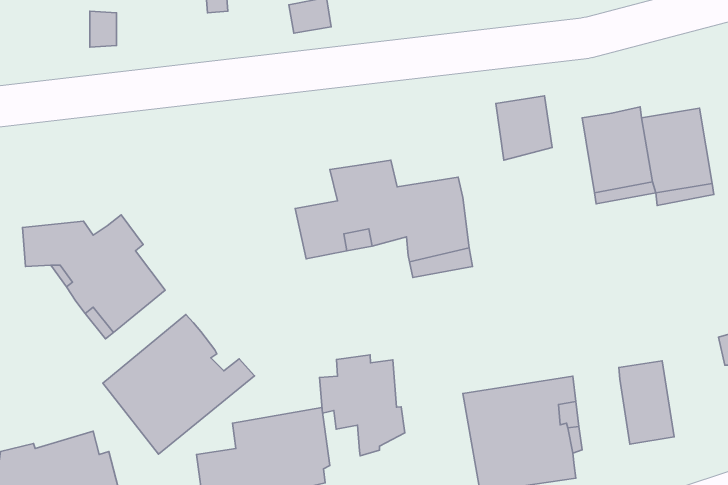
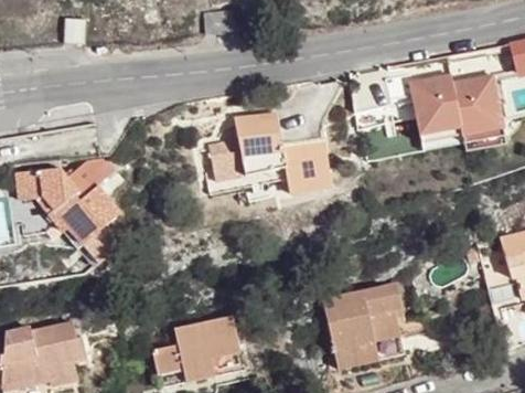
building: [103,314,254,454] -> none
building: [319,355,405,456] -> none
building: [619,361,674,444] -> none

